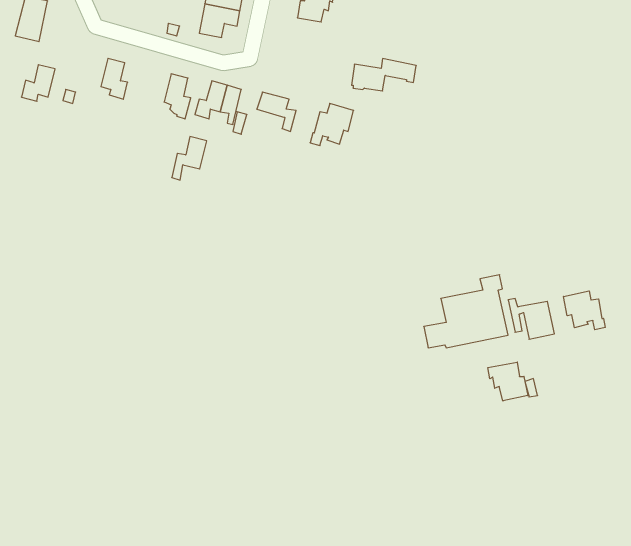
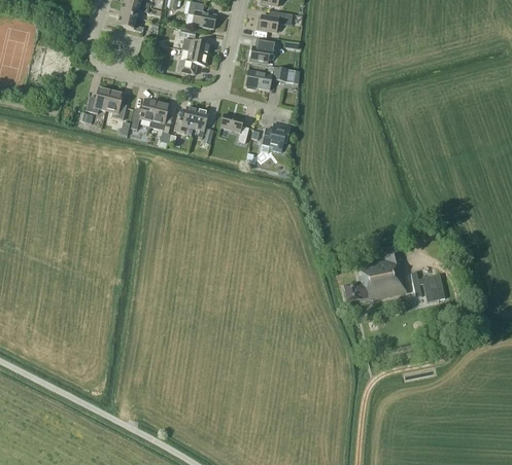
building: [352,59,416,91] -> [246,66,294,90]
building: [21,65,55,101] -> [87,86,111,113]
building: [172,137,207,180] -> [132,98,158,130]
building: [564,291,605,330] -> none
building: [488,362,528,401] -> none

